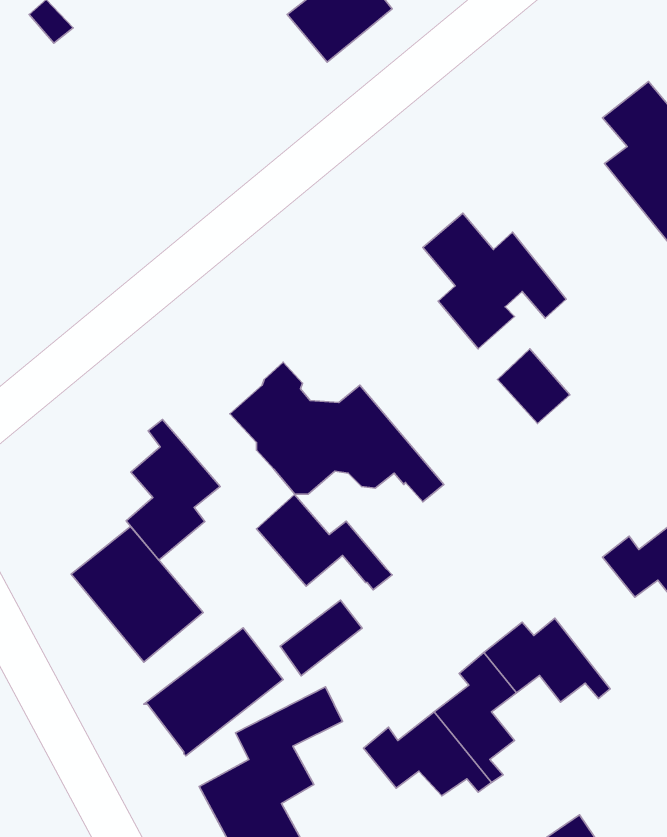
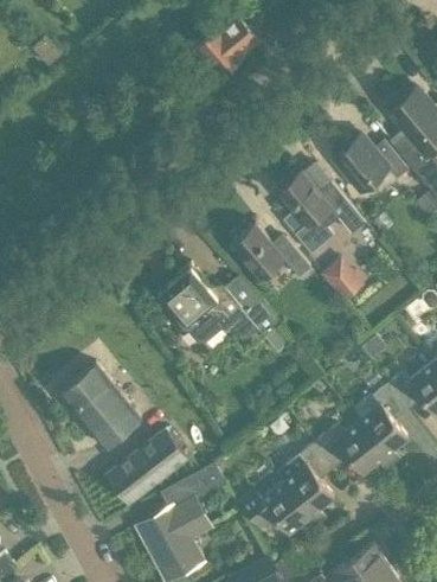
building: none -> [333,133,409,192]
building: [126,419,220,560] -> none
building: [256,494,392,590] -> [231,222,315,281]
building: none -> [359,383,409,465]
building: [280,600,362,676] -> none

